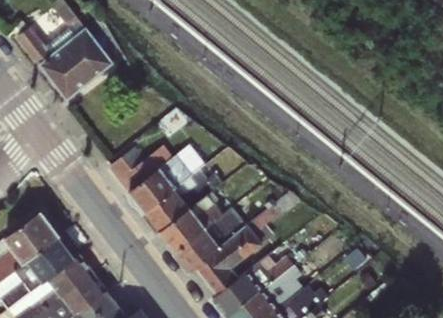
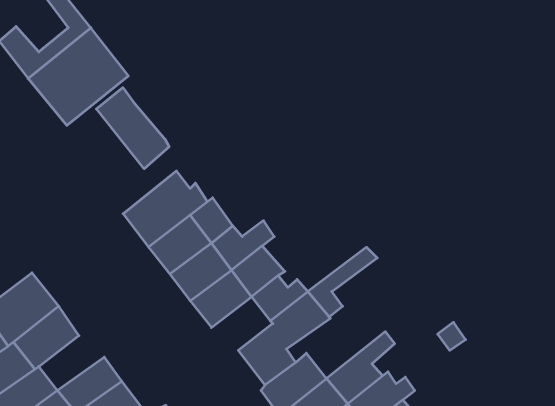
building: none -> [96,88,169,169]
building: [174,229,220,272] -> none
building: [245,246,304,290] -> none
building: [45,255,94,299] -> none

